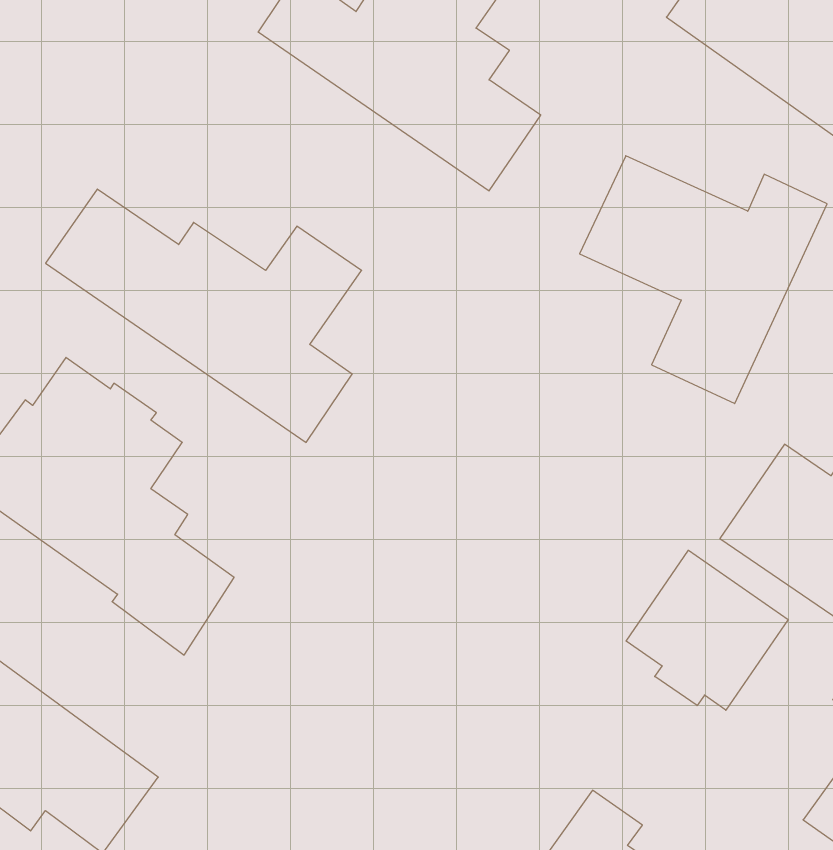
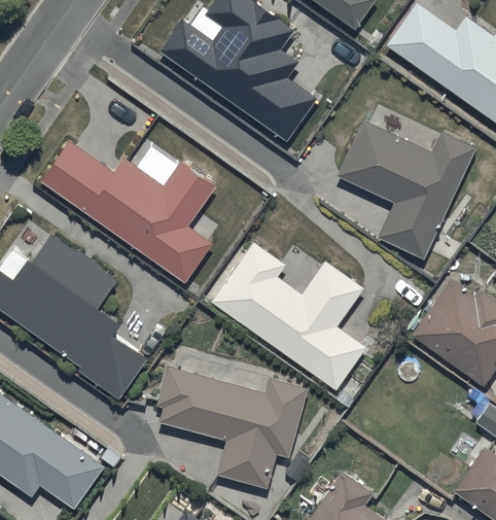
building: none -> [211,243,365,390]
building: [626,550,788,710] -> none
building: none -> [156,366,308,489]

